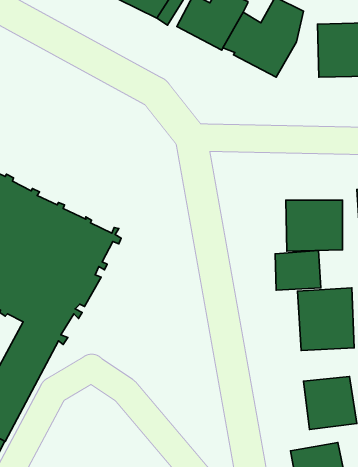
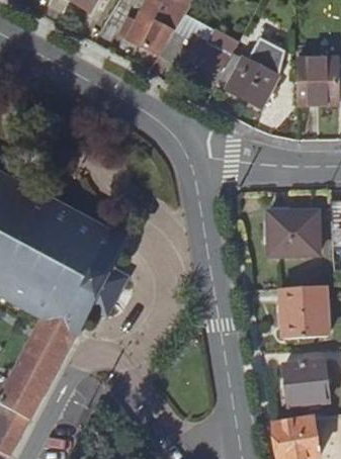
building: [275,251,321,290] -> none

